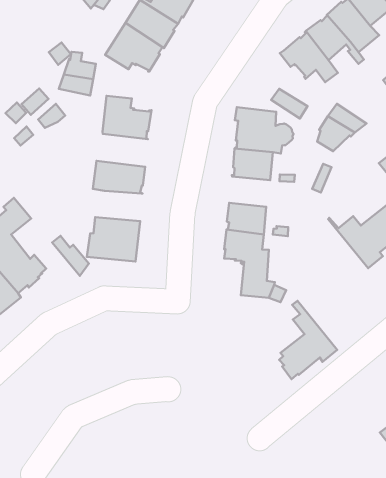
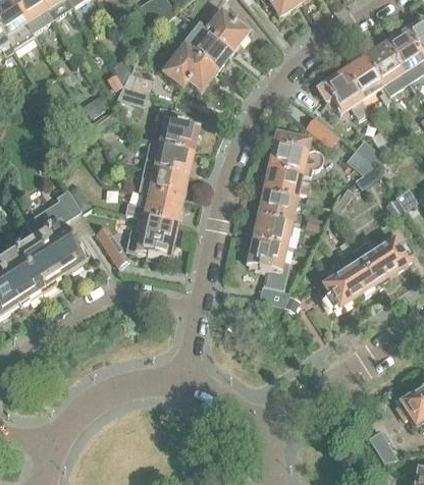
building: none -> [145,140,193,174]
building: none -> [259,192,300,223]
building: none -> [125,192,181,222]
building: [279,301,337,379] -> [323,239,376,309]

